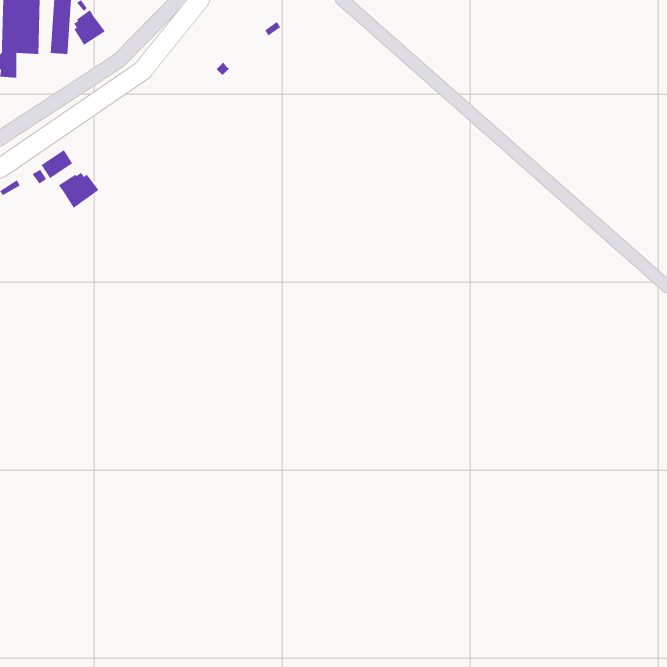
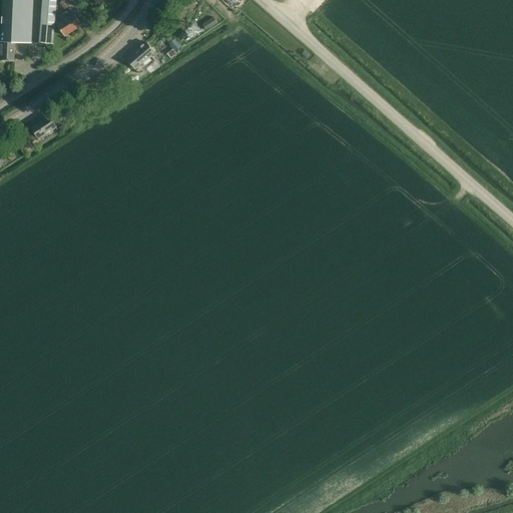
building: none -> [125,41,154,73]
building: [58,172,100,209] -> none

